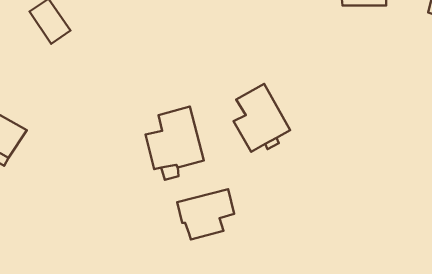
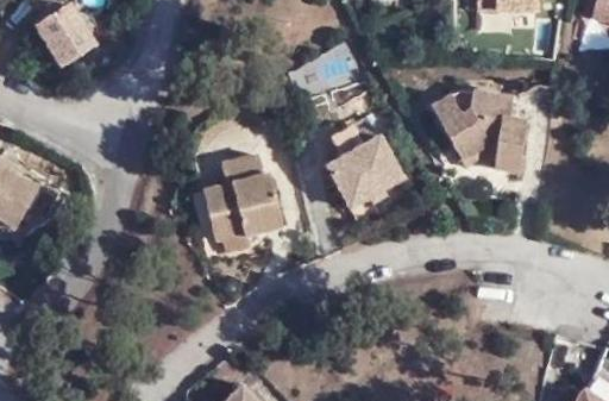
building: none -> [433,87,527,169]
building: [177,189,234,239] -> none

